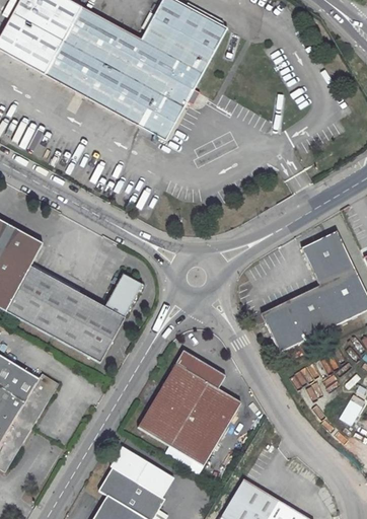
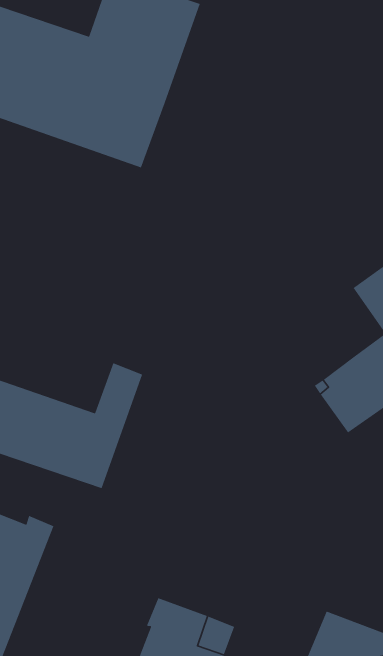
building: [136,354,237,466] -> none

